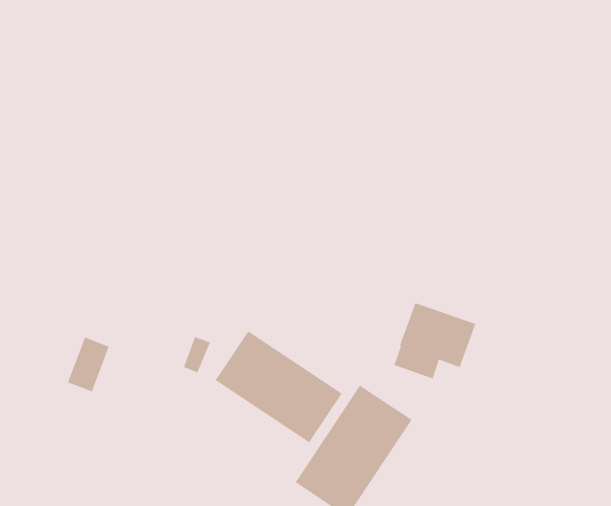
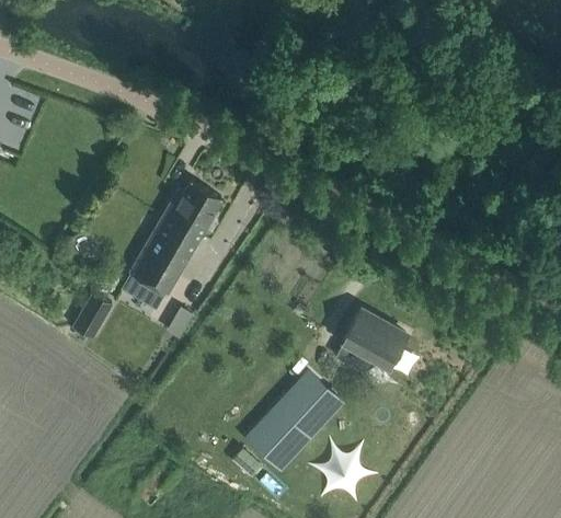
building: none -> [123,182,222,310]
building: [215,330,342,443] -> none

